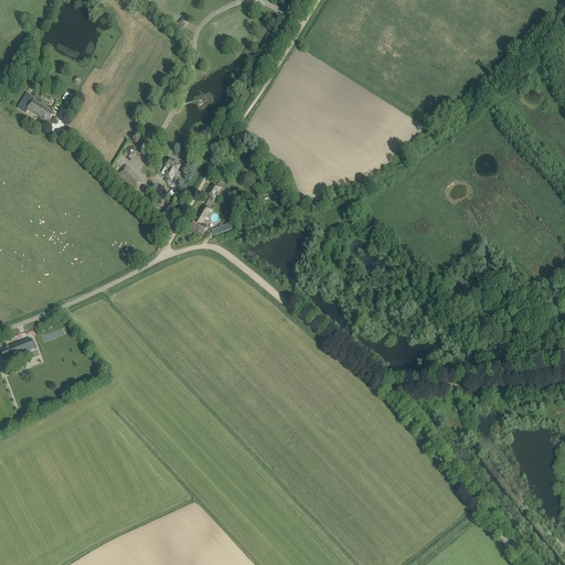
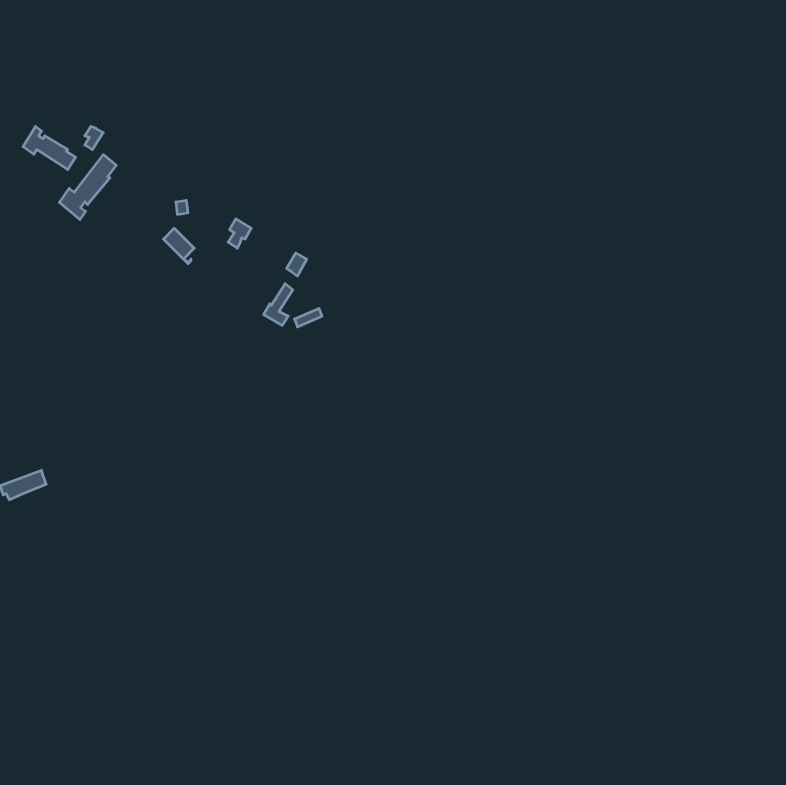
building: none -> [59,155,116,220]

